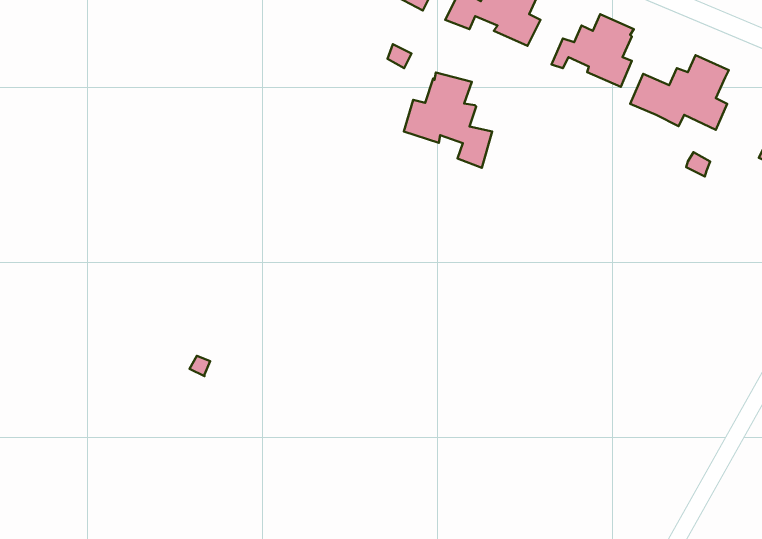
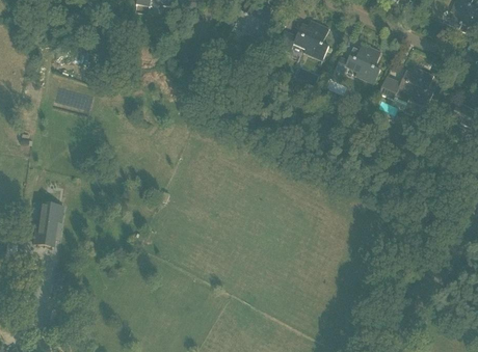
building: [404,72,492,168] -> none
building: none -> [33,201,63,247]

